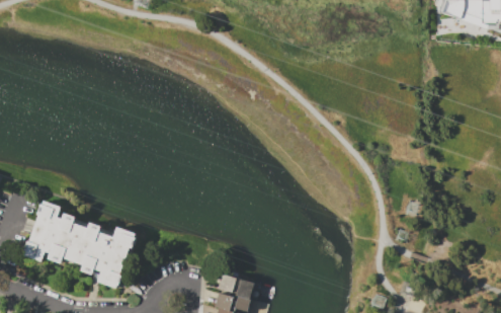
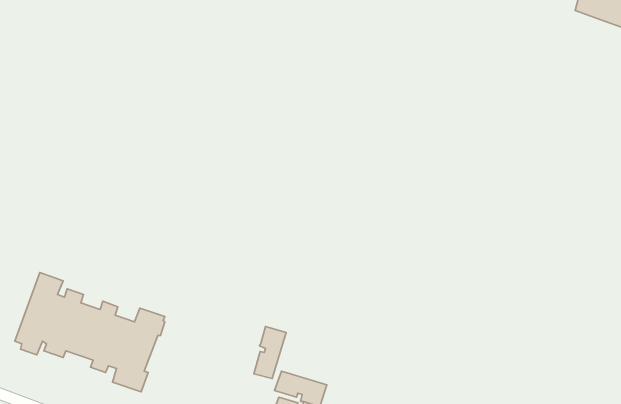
building: none -> [254,327,286,378]

